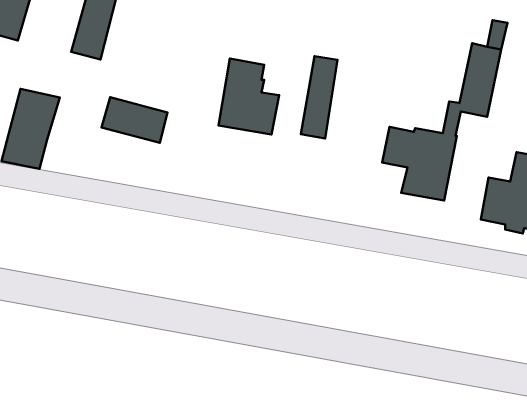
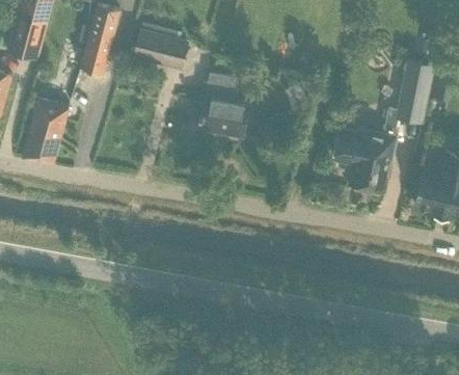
building: [301,56,338,138] -> none
building: [101,97,167,143] -> [133,31,187,69]

